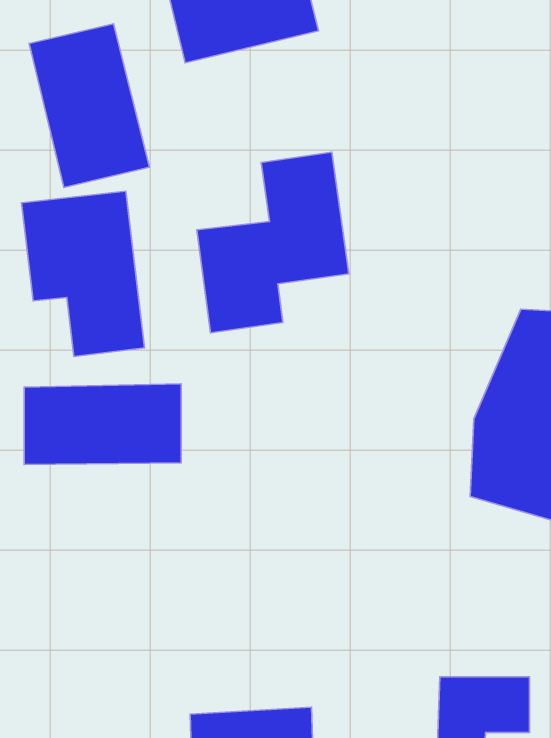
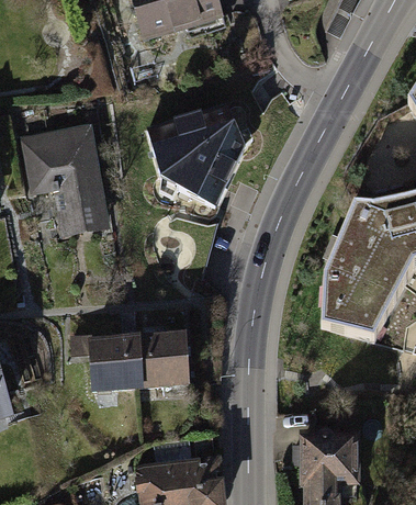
building: [29,24,150,188] -> none
building: [24,384,181,465] -> [87,336,189,389]

